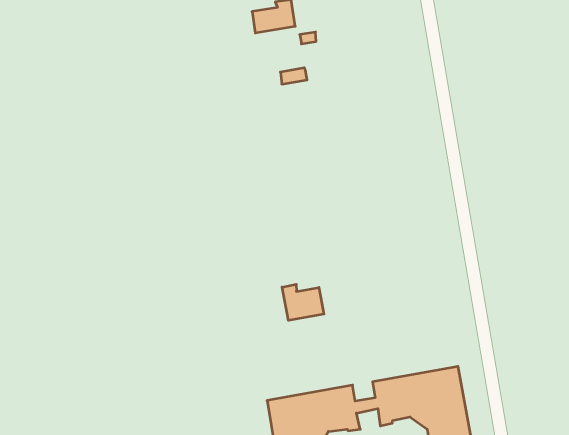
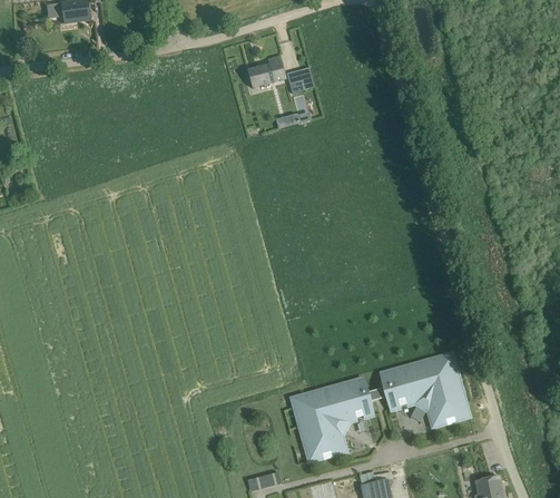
building: [282,284,324,320] -> none

